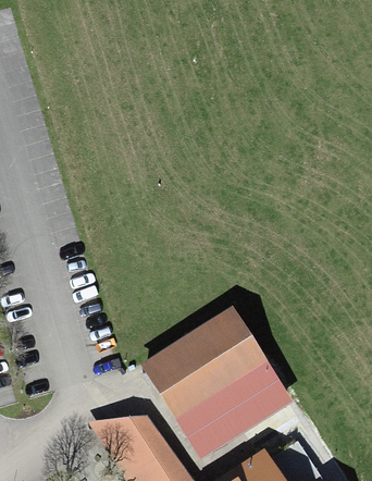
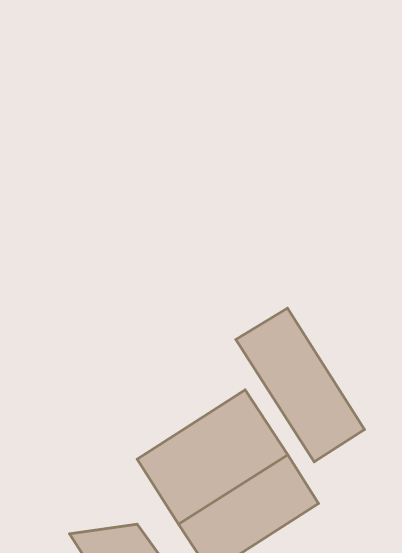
building: none -> [236,308,364,462]

